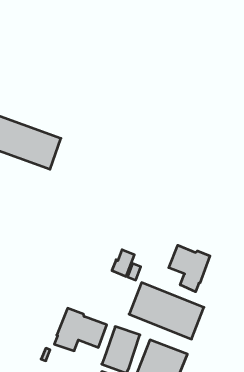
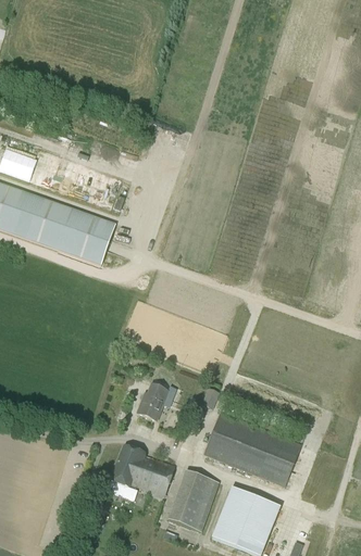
building: [169,245,210,292] -> none
building: [112,250,134,276] -> [137,384,166,419]

